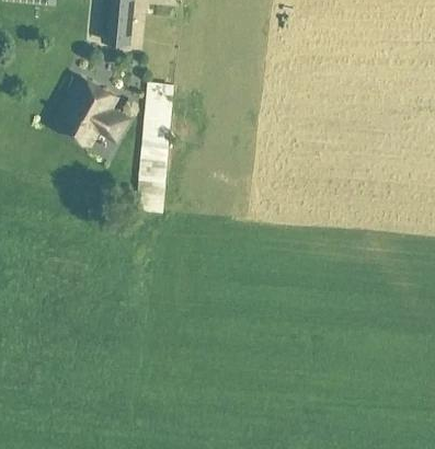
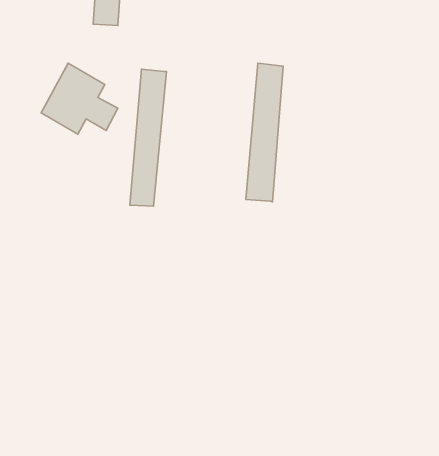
building: none -> [246,63,283,202]

